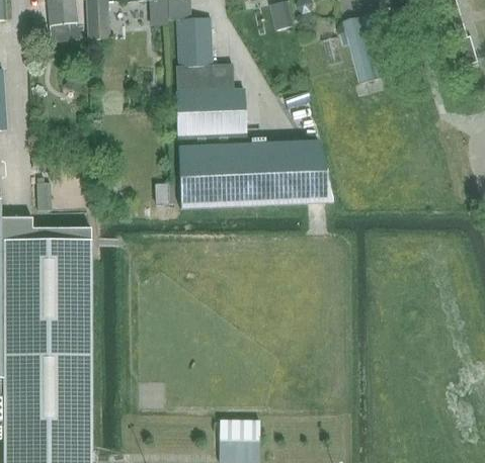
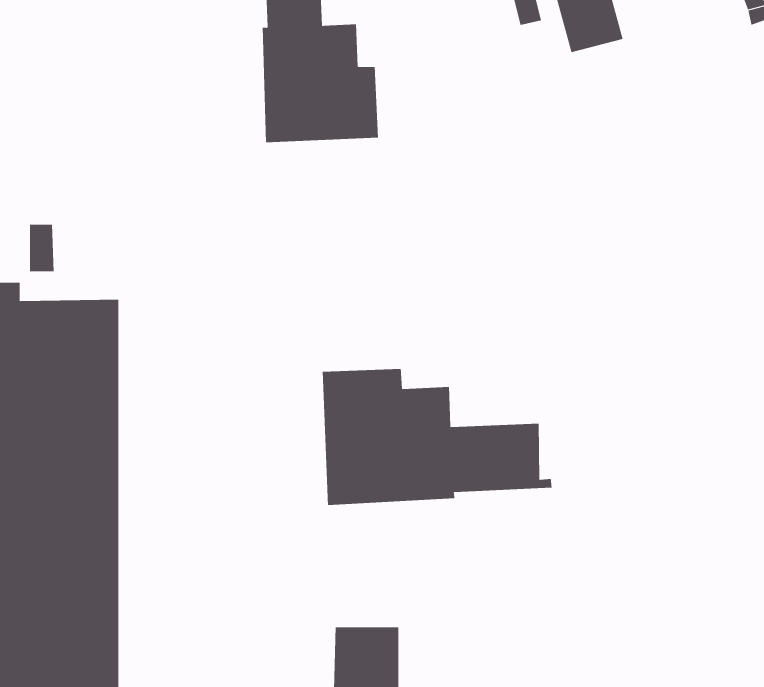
building: [177,141,332,207] -> none
building: none -> [322,368,552,506]

